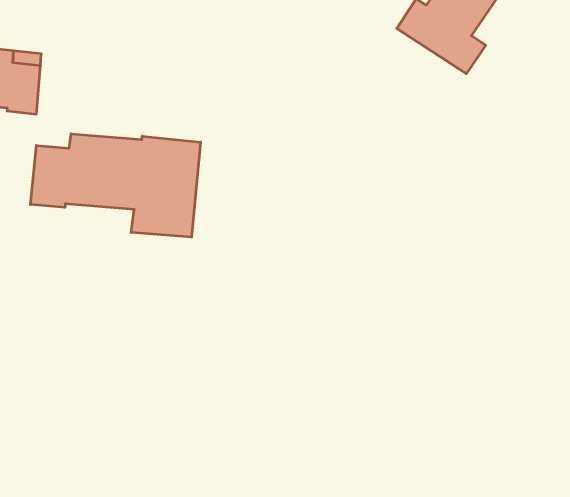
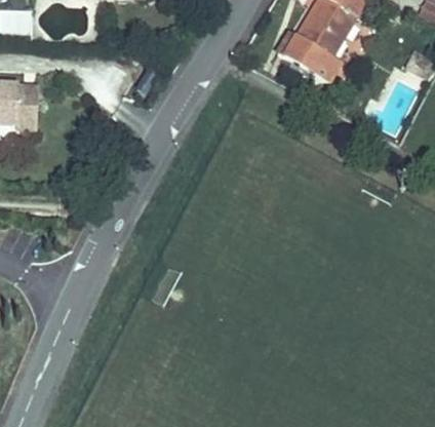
building: [30,134,201,237] -> none

